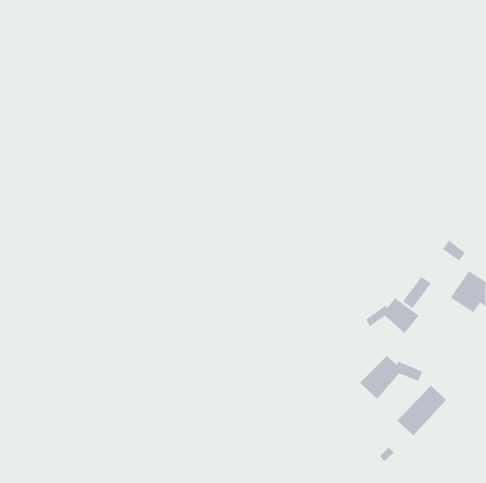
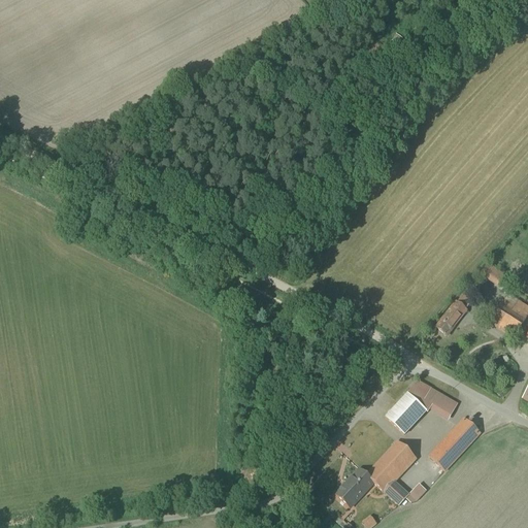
building: [365,297,419,334] -> none
building: none -> [331,439,421,505]

